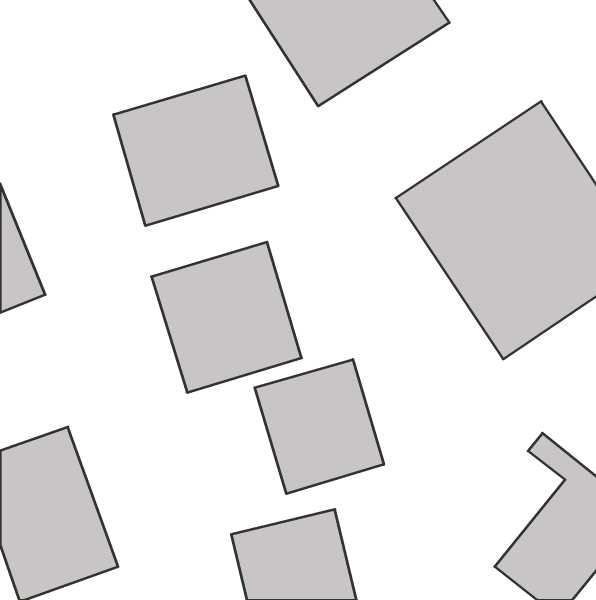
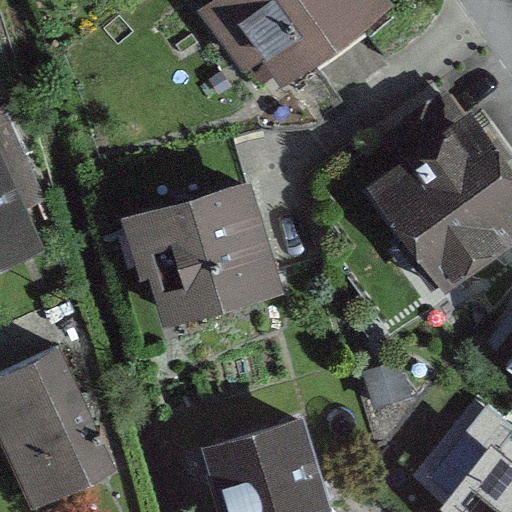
building: [114,76,278,226] -> none
building: [255,359,384,494] -> none

